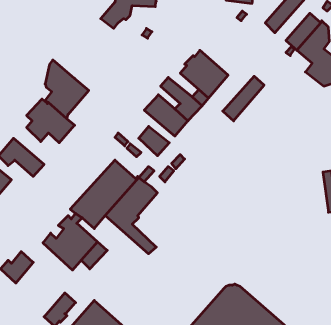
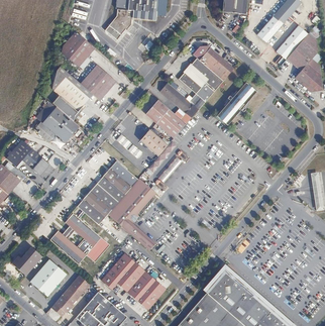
building: none -> [60,36,94,69]
building: none -> [191,47,233,83]
building: none -> [80,67,115,102]
building: none -> [101,252,166,310]
building: none -> [30,259,66,296]

